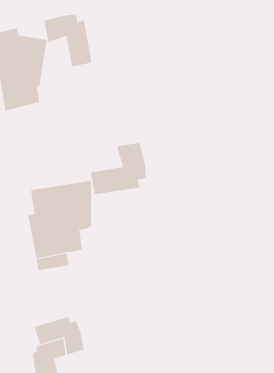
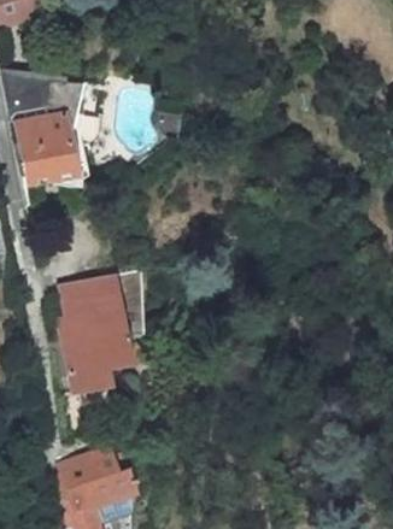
building: [44,14,92,67] -> none
building: [91,142,146,195] -> none

